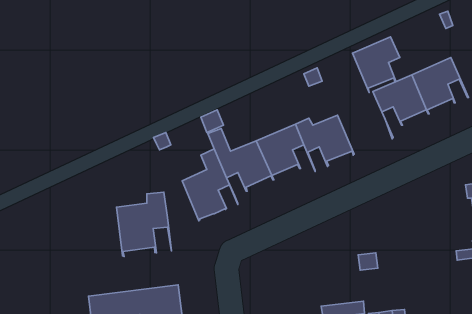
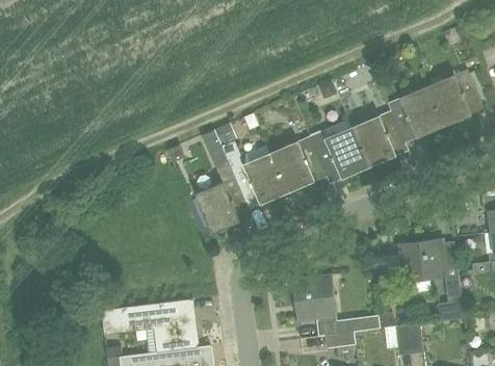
building: [353,37,400,92] -> [354,111,401,167]
building: [116,192,172,256] -> none
building: none -> [399,238,465,321]
building: none -> [292,274,337,322]

